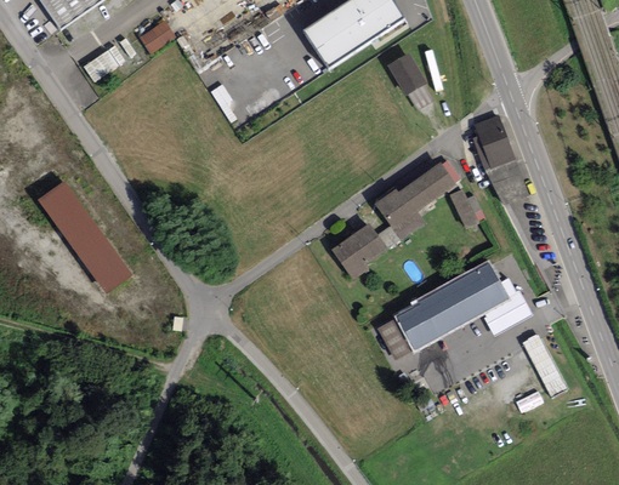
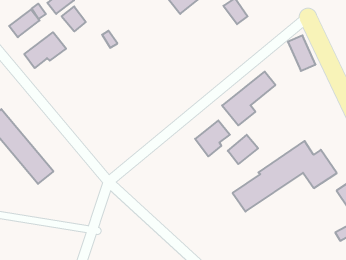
building: none -> [62,6,86,31]
building: none -> [24,32,66,68]
building: [453,184,488,224] -> none
building: none -> [228,135,258,164]

